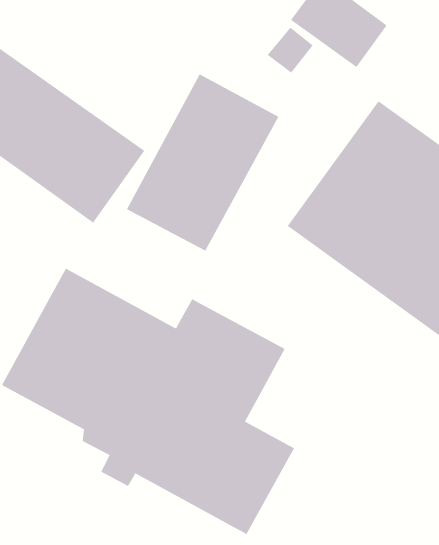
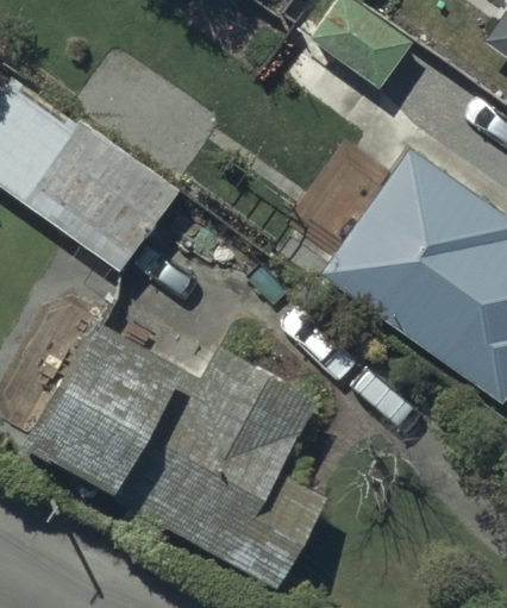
building: [126,73,279,252] -> none

